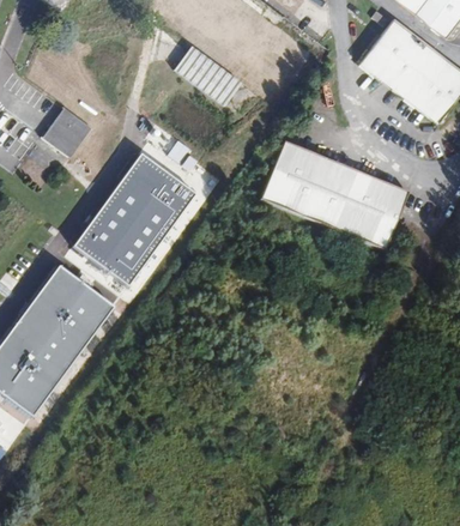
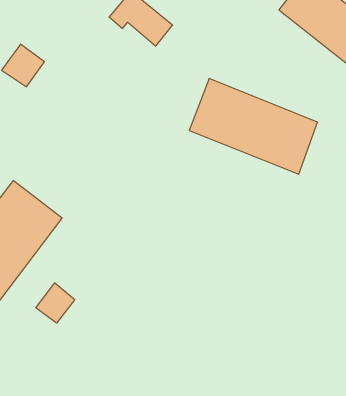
building: [74,151,196,282] -> none
building: none -> [36,283,75,323]

